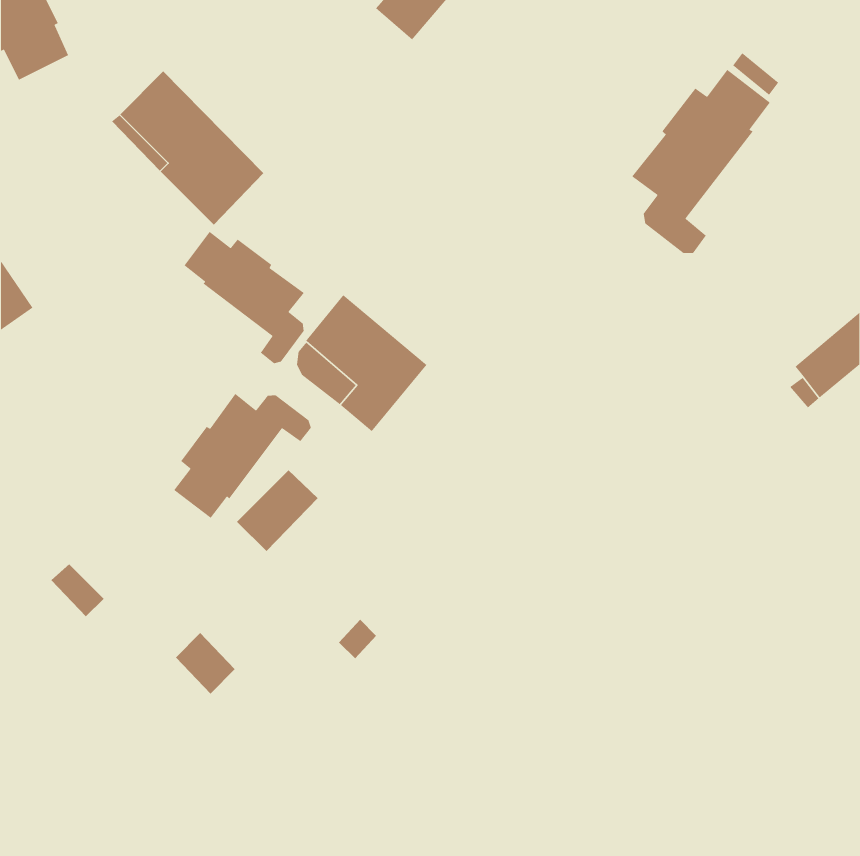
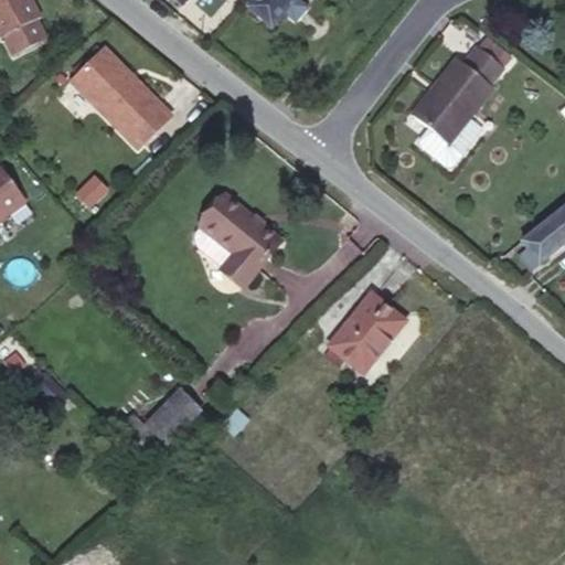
building: [183,231,305,364] -> none
building: [173,393,312,519] -> none
building: none -> [329,294,404,372]
building: [236,470,319,552] -> [146,390,200,444]

